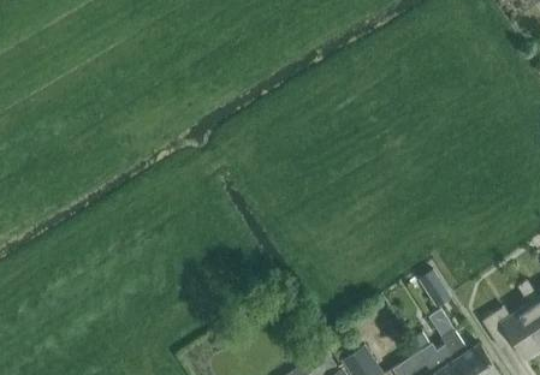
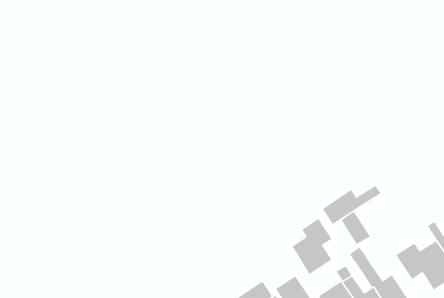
building: none -> [322,185,381,225]
building: none -> [292,218,332,275]

